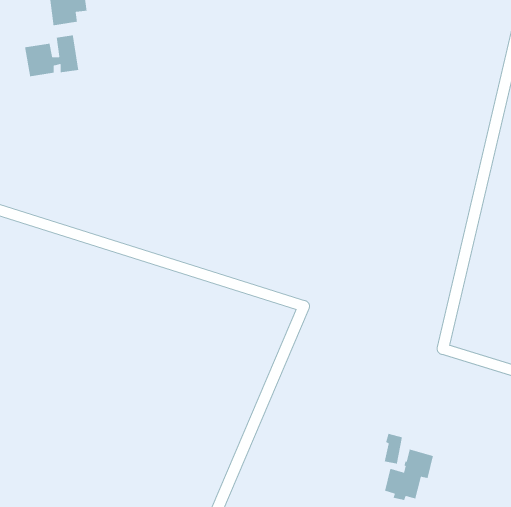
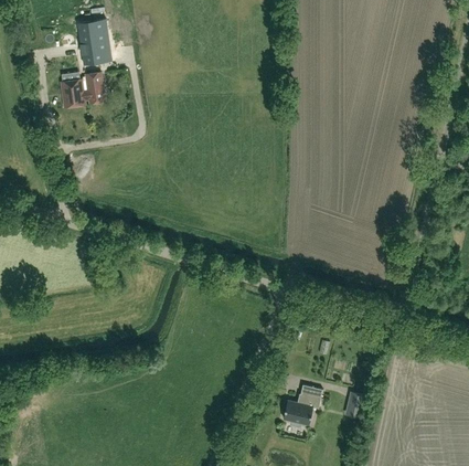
building: [384,449,434,501] -> [283,383,322,425]

